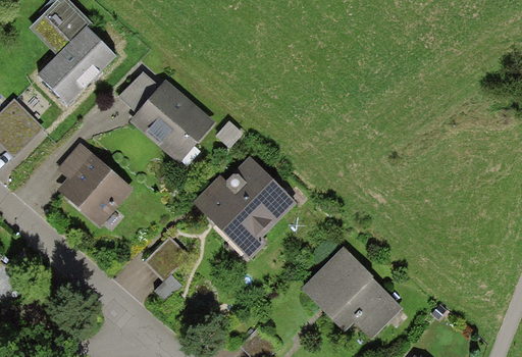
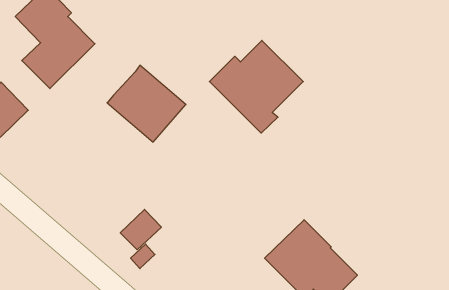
building: [119,69,160,111] -> none
building: [56,143,133,226] -> none
building: [193,157,295,258] -> [209,40,303,133]

